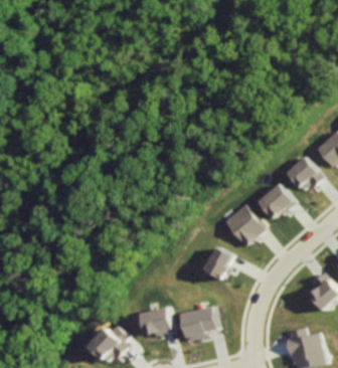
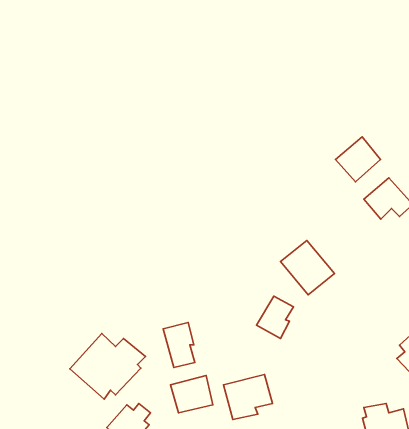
building: [256,185,290,219] -> [336,137,381,182]
building: none -> [163,322,195,367]
building: none -> [70,333,145,399]

